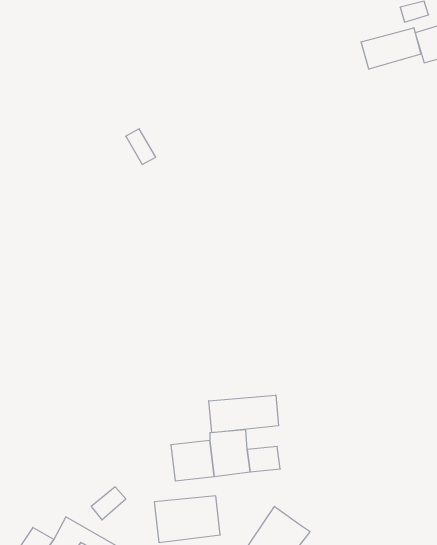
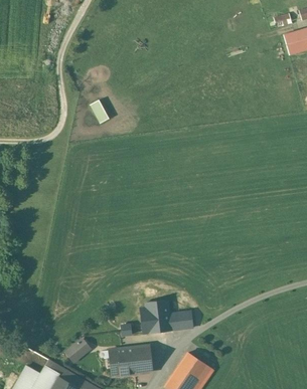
building: [361,28,421,69] -> none
building: [209,395,278,433] -> none

